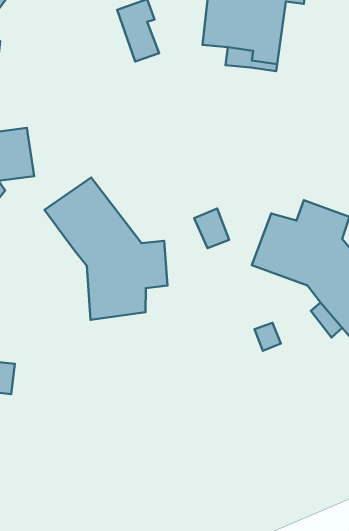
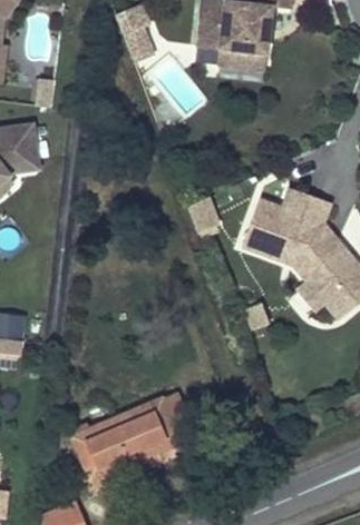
building: [44,178,167,320] -> none
building: none -> [77,397,196,483]

